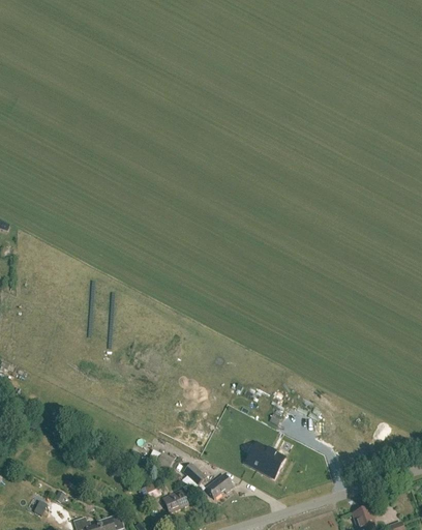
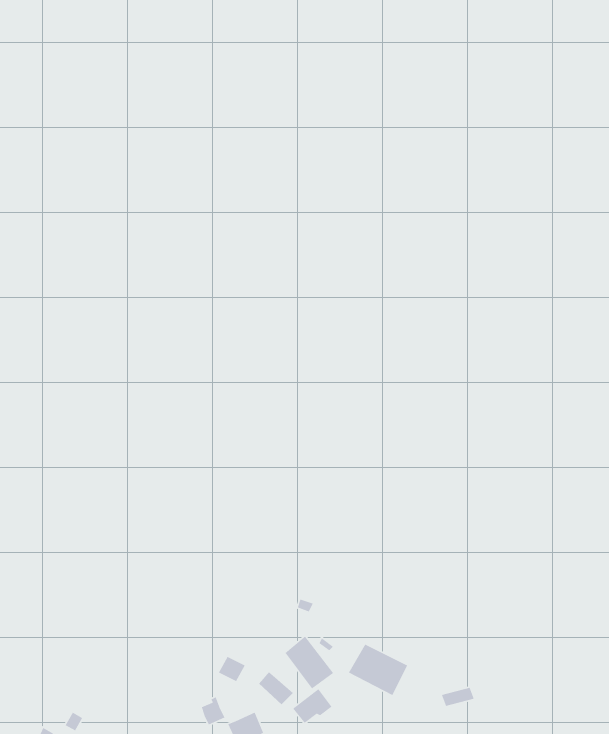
building: none -> [285,635,334,690]

